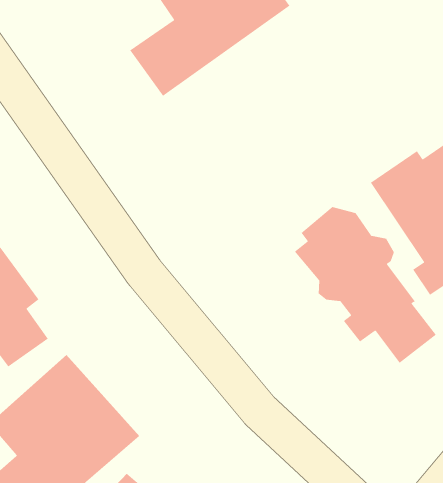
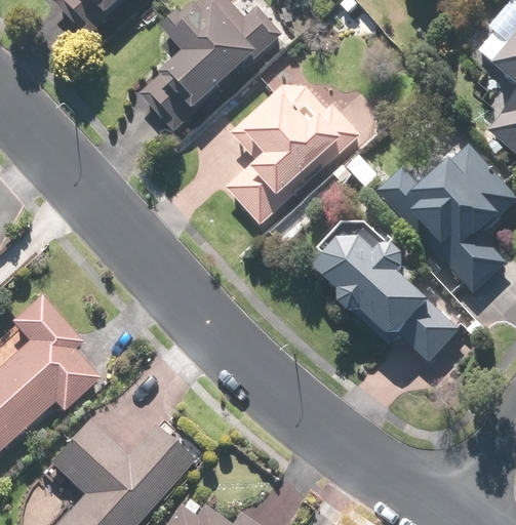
building: none -> [197,84,363,225]

